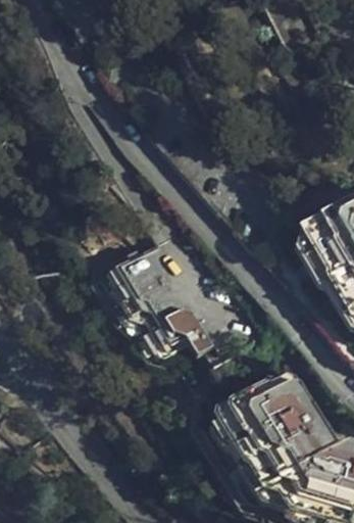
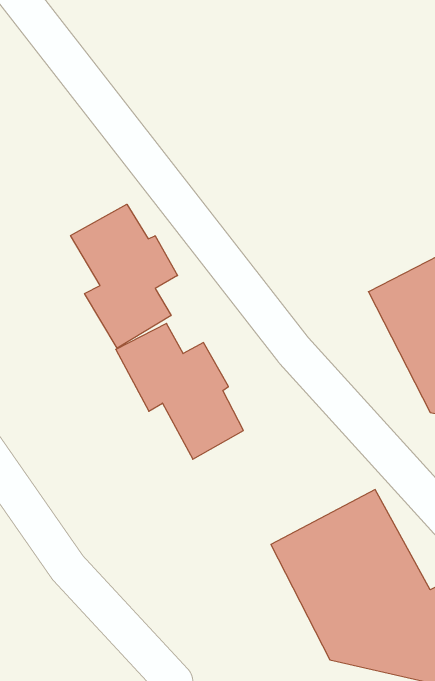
building: none -> [71,204,178,348]

